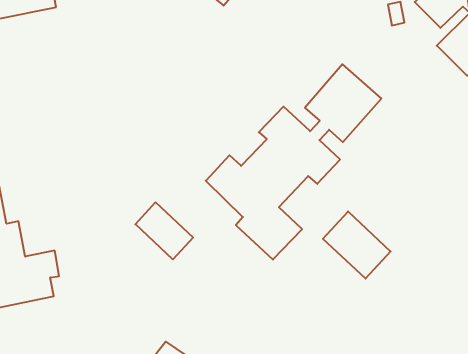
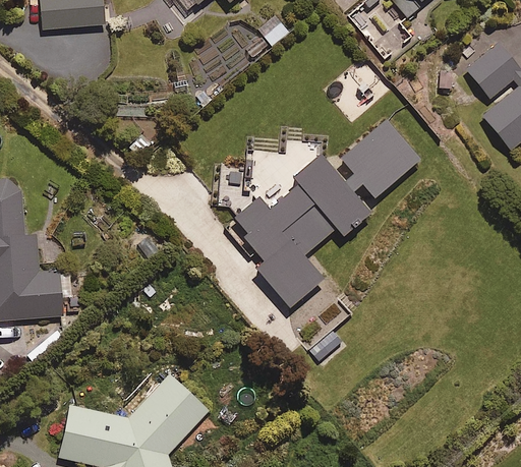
building: [135,202,193,259] -> none
building: [323,211,391,279] -> none

